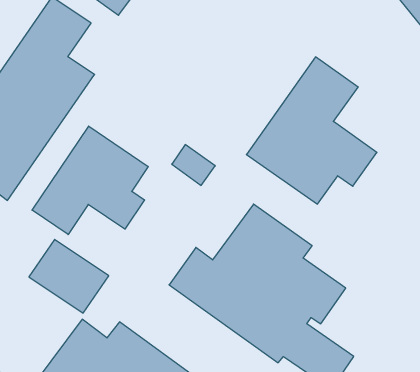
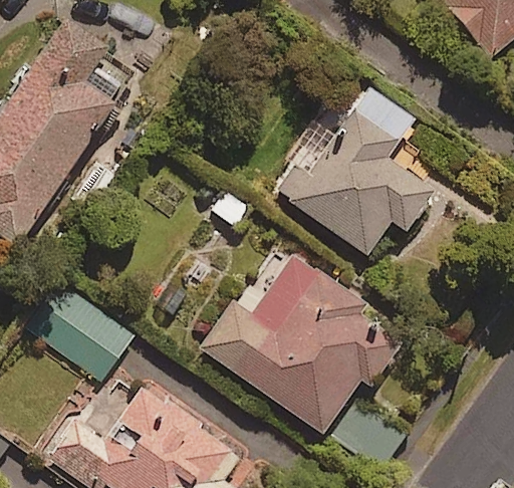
building: [32,126,148,235] -> none

